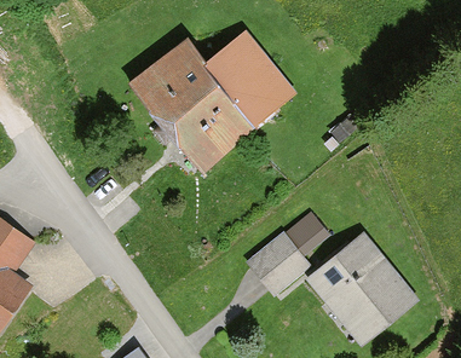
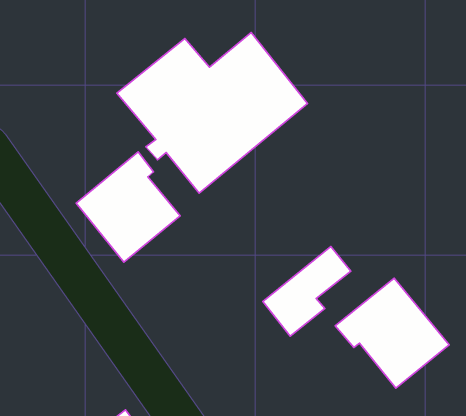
building: none -> [76,152,180,262]

